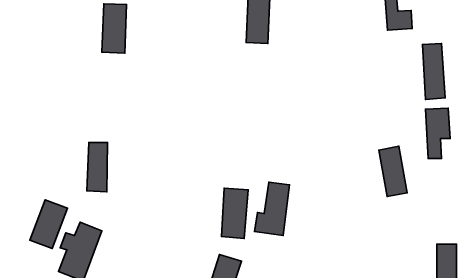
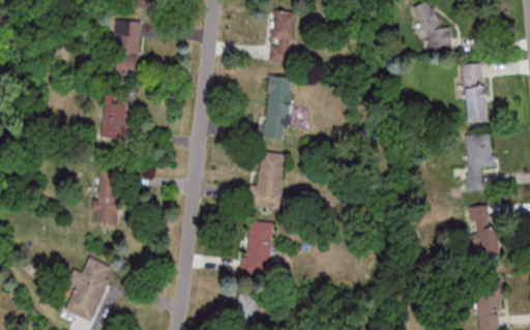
building: none -> [264,74,292,139]
building: none -> [100,95,125,139]
building: [379,146,407,197] -> [468,203,499,258]
building: [255,182,290,235] -> [246,150,285,208]
building: [30,200,67,249] -> none

